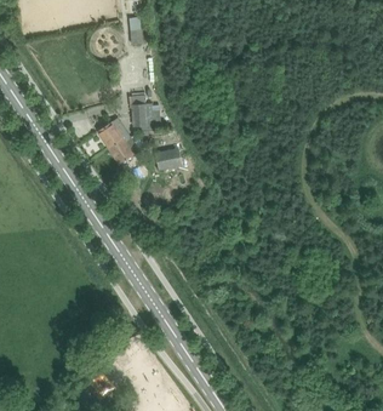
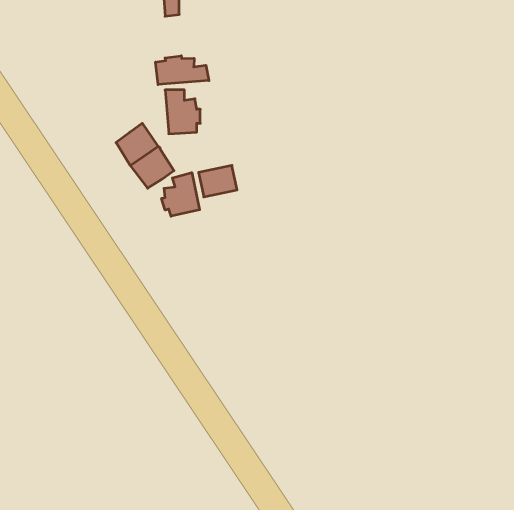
building: none -> [156,56,209,85]
building: none -> [162,173,200,216]

